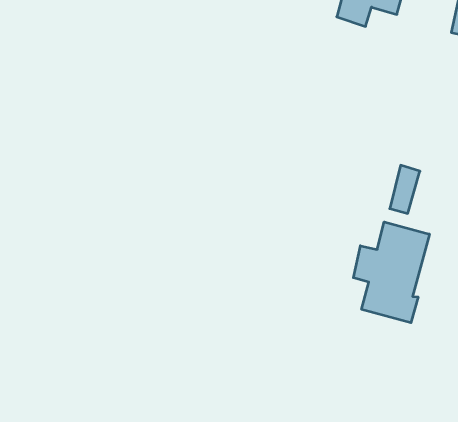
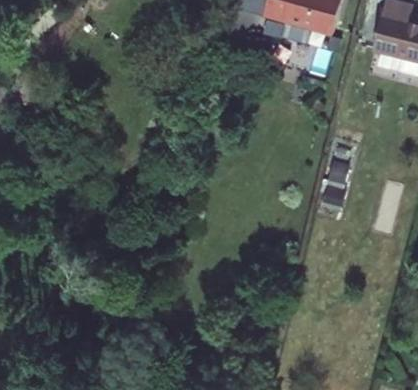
building: [353,222,429,323] -> none

